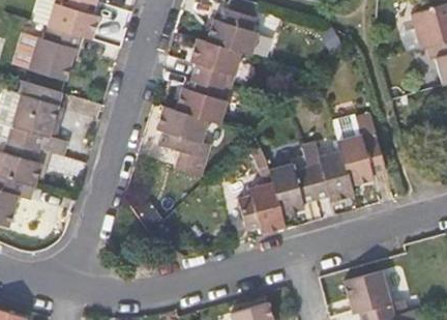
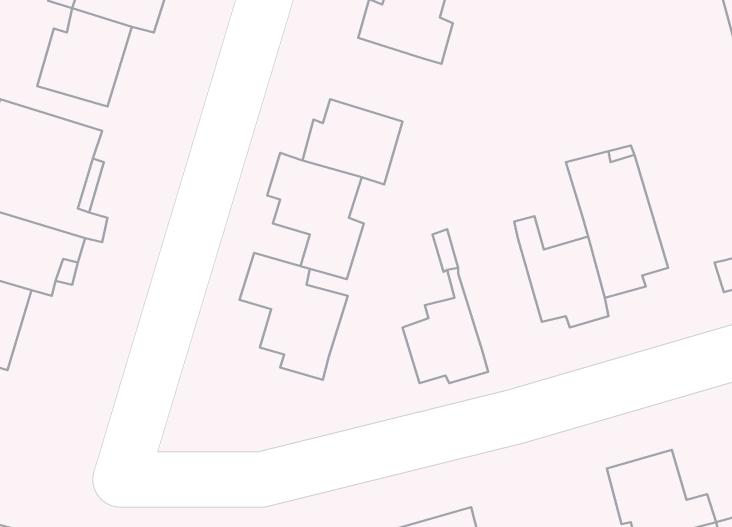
building: [190,37,243,87] -> none
building: [263,152,309,215] -> none
building: none -> [240,253,348,380]

